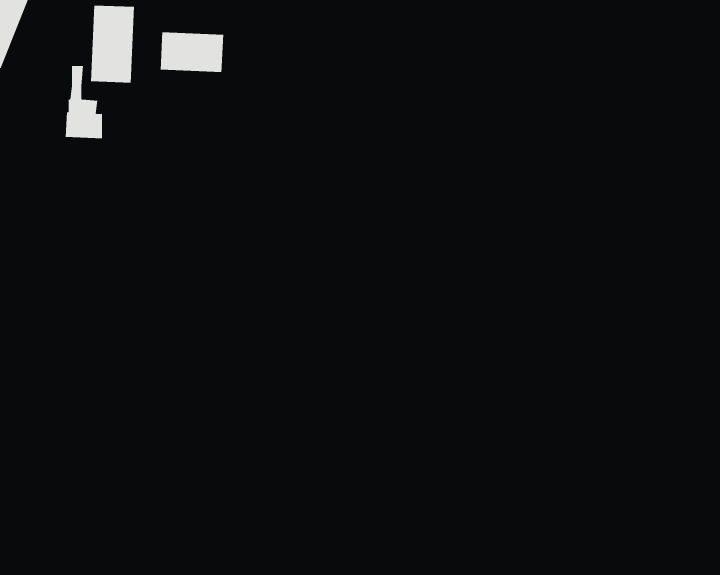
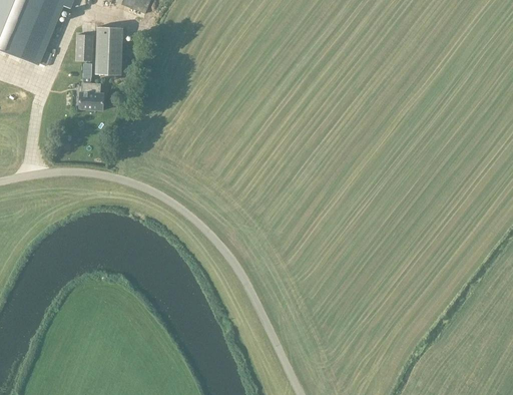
building: none -> [76,34,93,61]
building: [160,32,224,73] -> none

